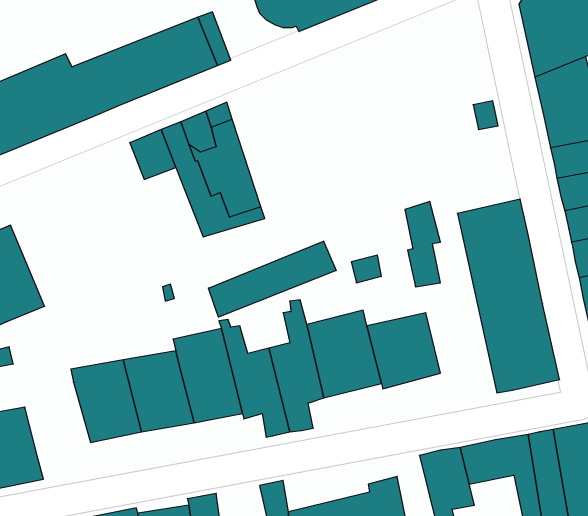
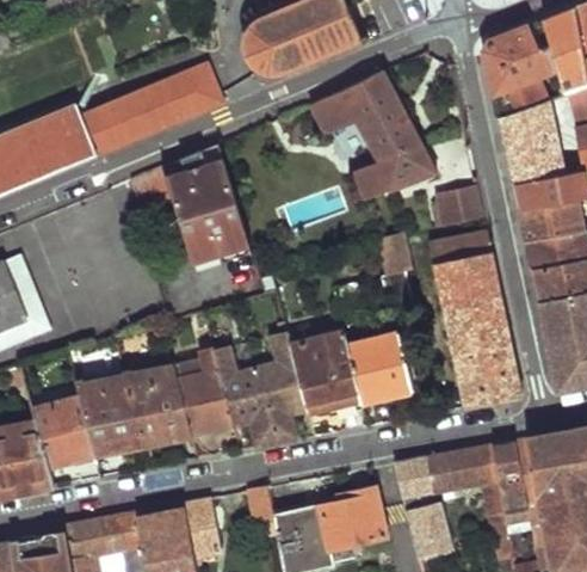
building: none -> [309,69,437,201]
building: none -> [434,185,484,227]
building: [208,241,336,317] -> none
building: none -> [32,398,95,468]

